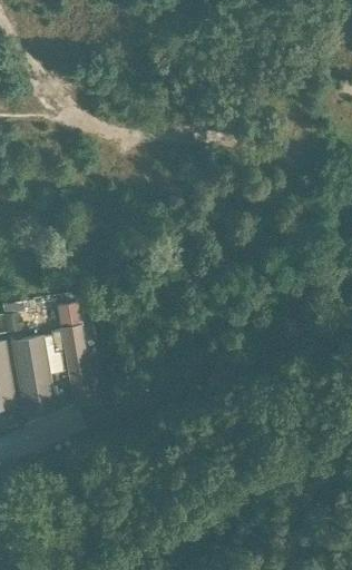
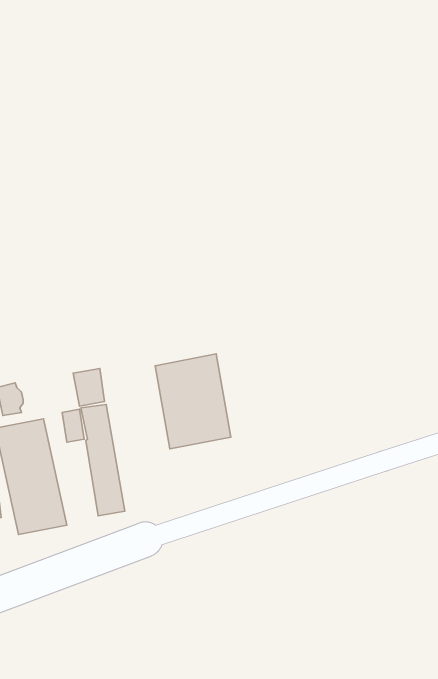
building: none -> [155,354,231,449]

